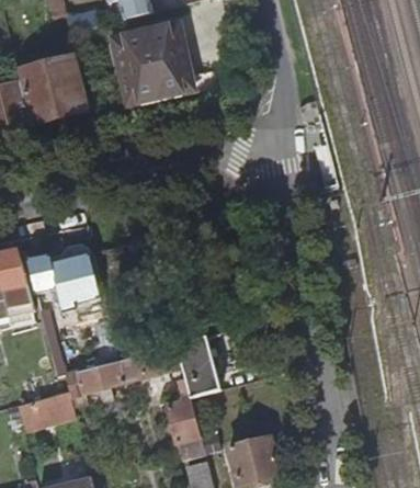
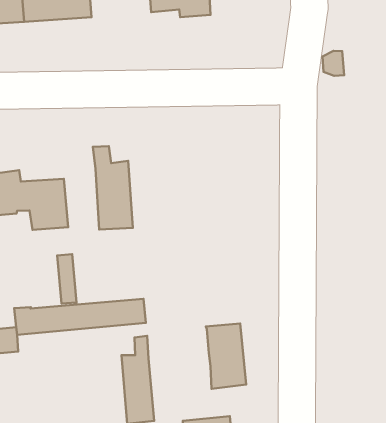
building: none -> [93,146,133,230]
building: [174,337,218,398] -> [206,324,246,389]

